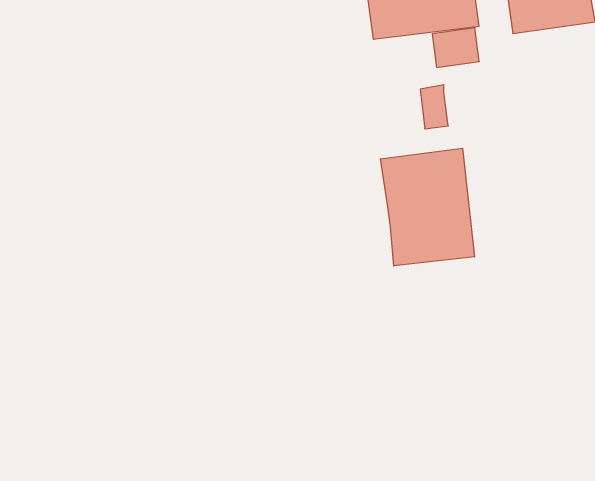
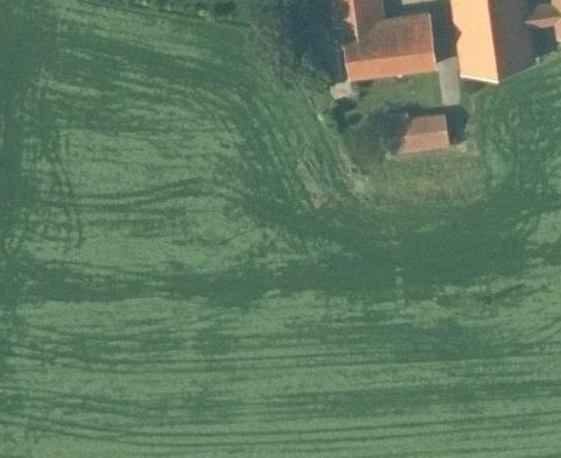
building: [432,28,479,67] -> [408,119,447,151]
building: [381,148,475,266] -> none

